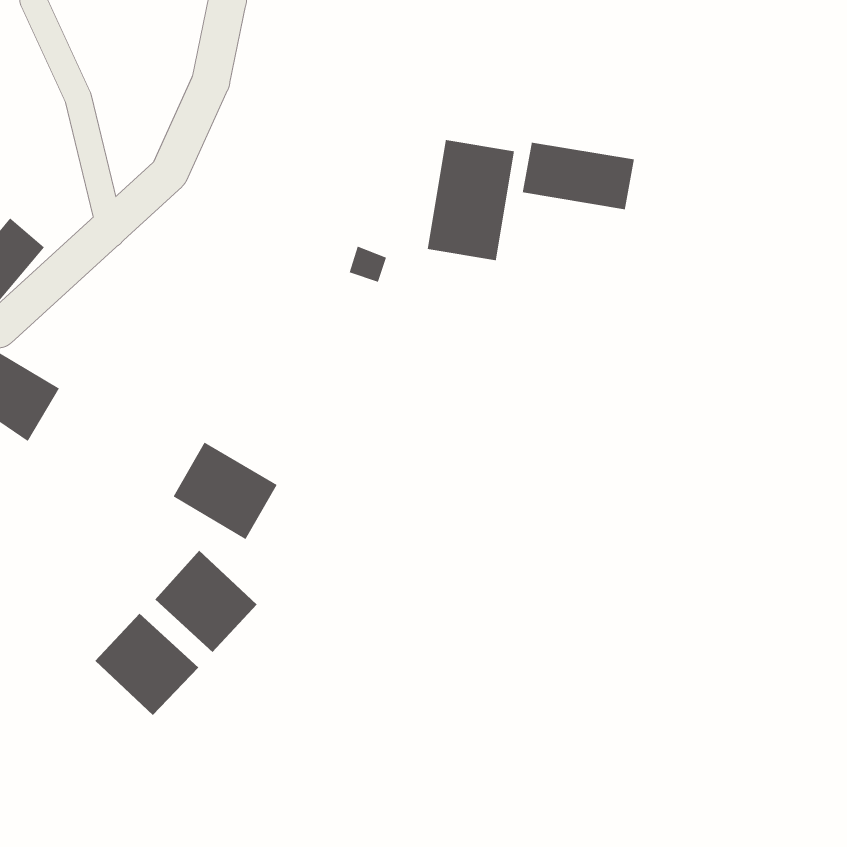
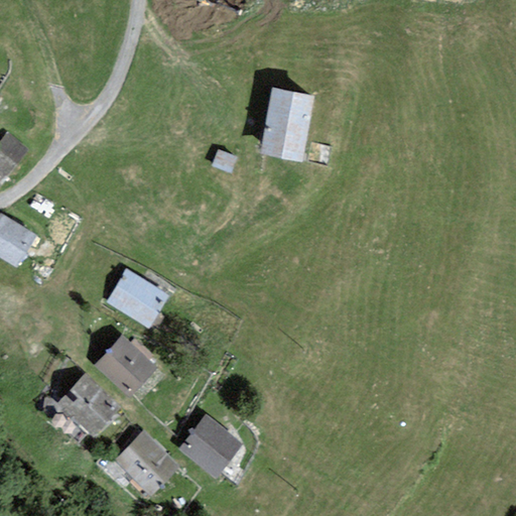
building: [522,142,634,210] -> none
building: none -> [179,415,241,477]
building: none -> [114,430,179,495]

